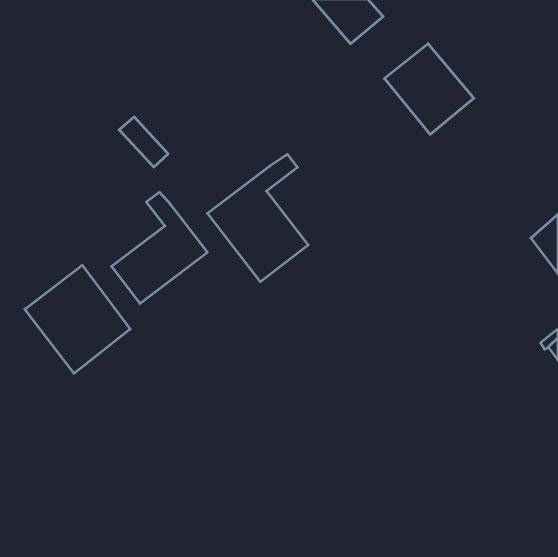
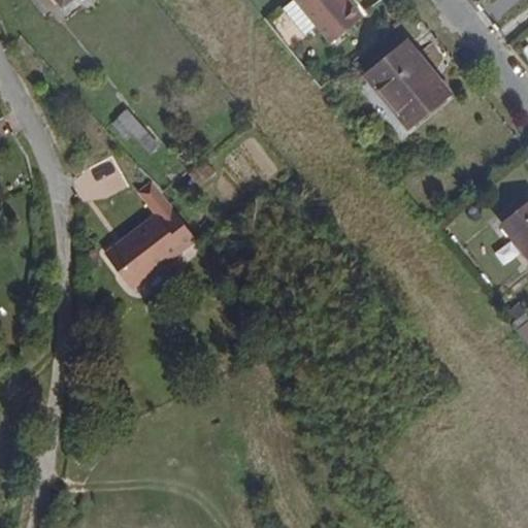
building: [207,154,308,282] -> none
building: [25,265,130,373] -> none

